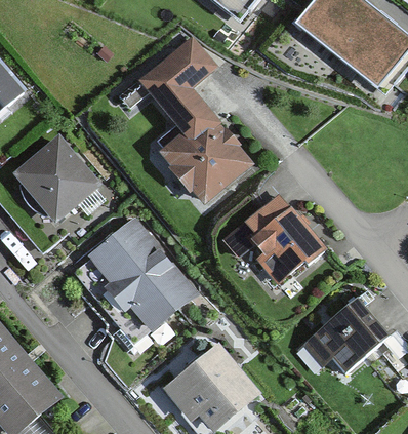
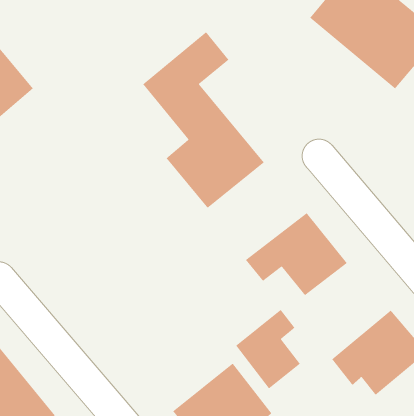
building: [10,135,100,225] -> none
building: [77,214,197,337] -> none
building: none -> [235,309,301,389]

